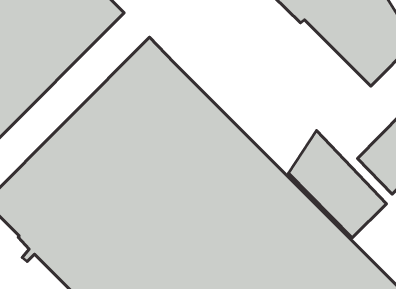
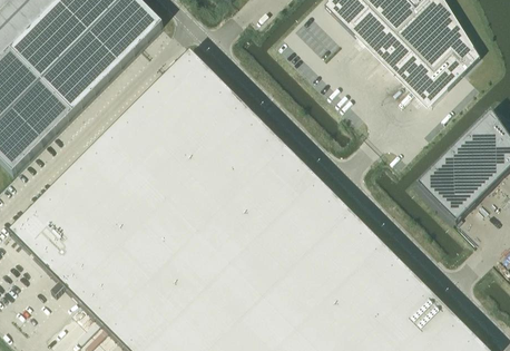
building: [289,130,386,238] -> none

